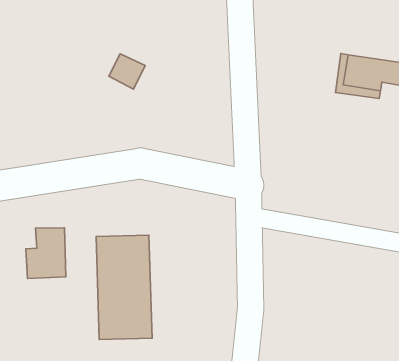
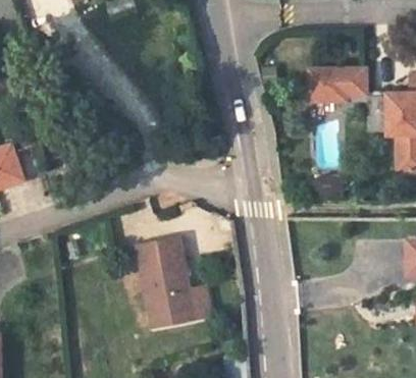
building: [26,228,66,279] -> none

